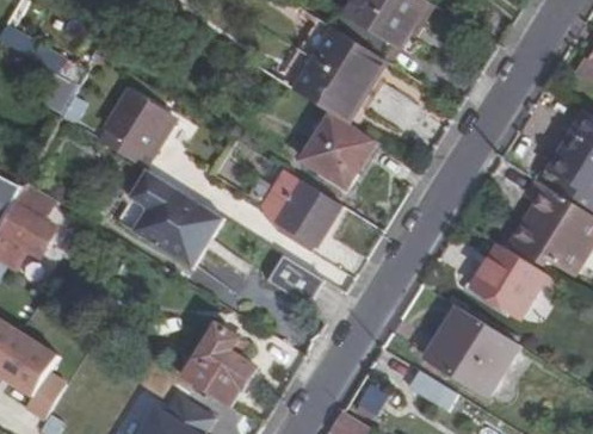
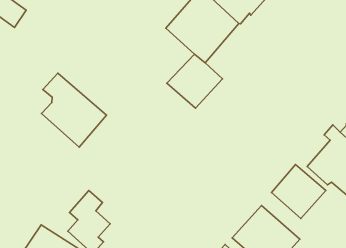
building: [107,92,168,151] -> none
building: [264,184,336,246] -> none
building: [266,254,321,304] -> none

